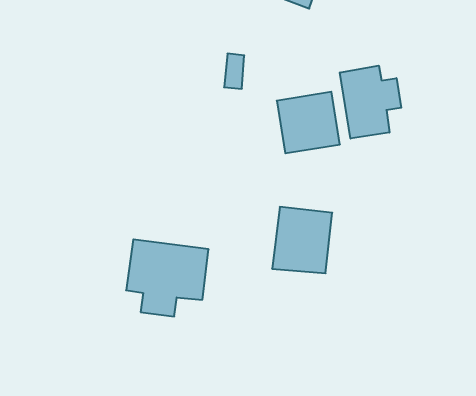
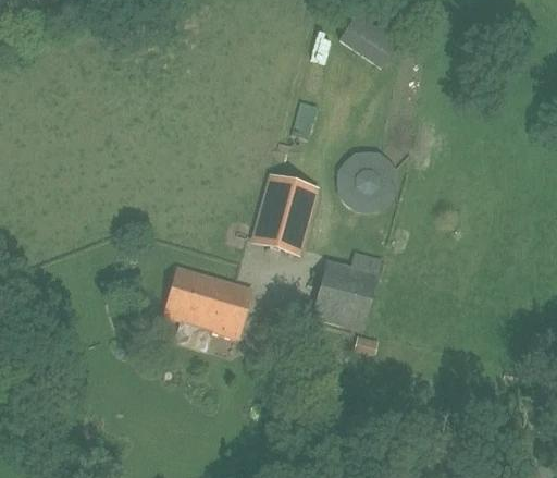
building: [340,66,401,139] -> none
building: none -> [253,175,317,254]

